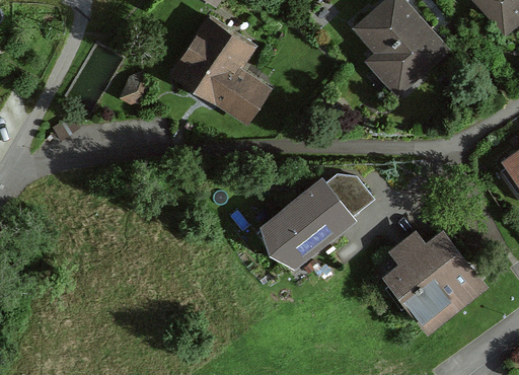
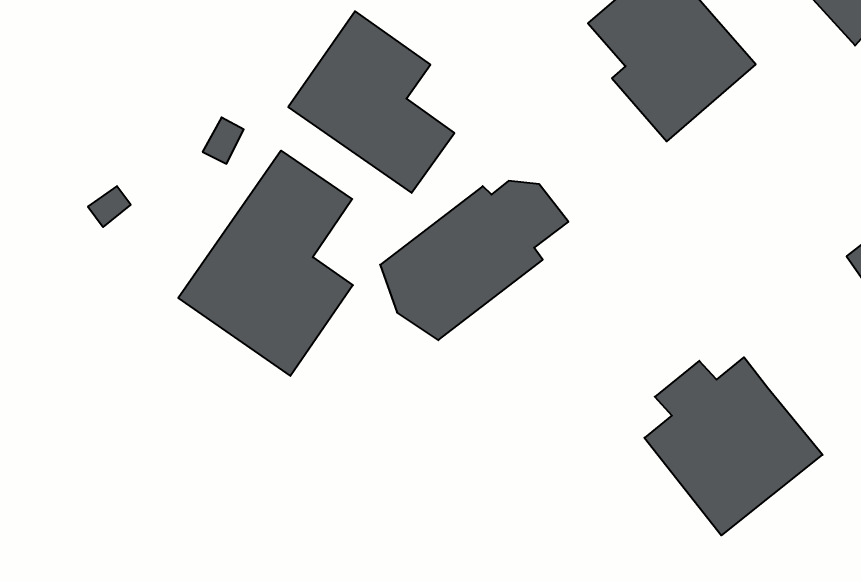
building: none -> [178,151,353,376]
building: [263,180,374,275] -> [380,181,568,340]

